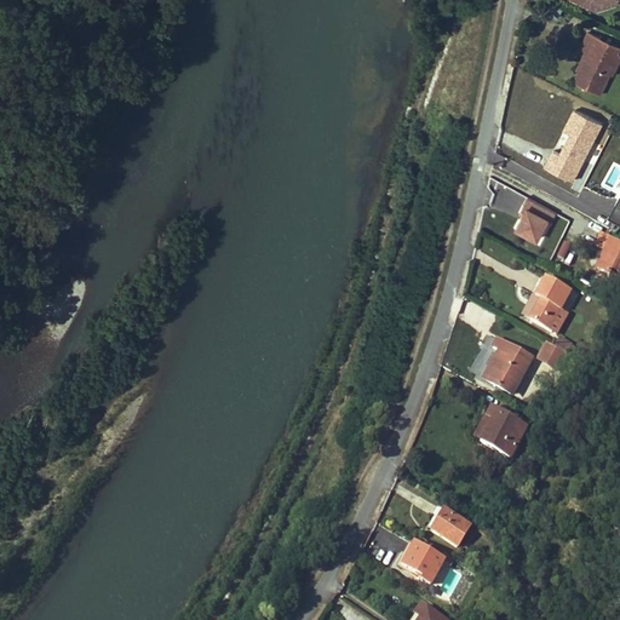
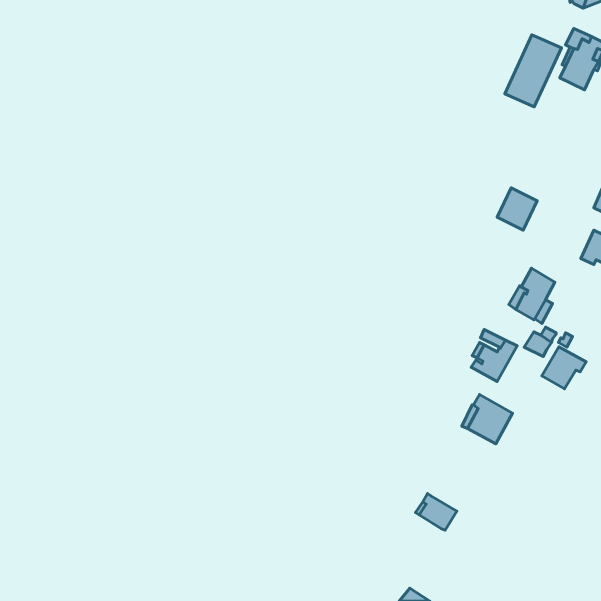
building: [546,104,604,178] -> [505,35,561,107]
building: none -> [542,347,586,389]
building: [400,540,446,582] -> none

